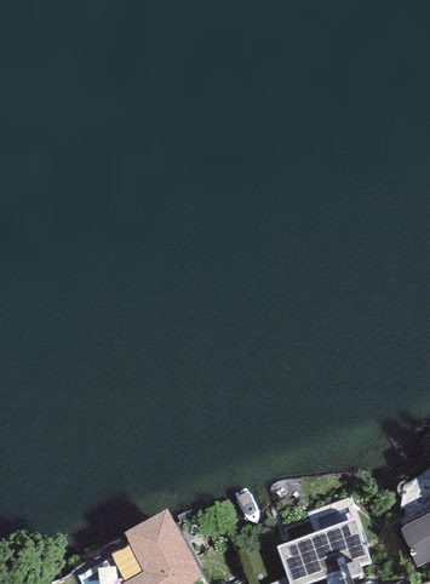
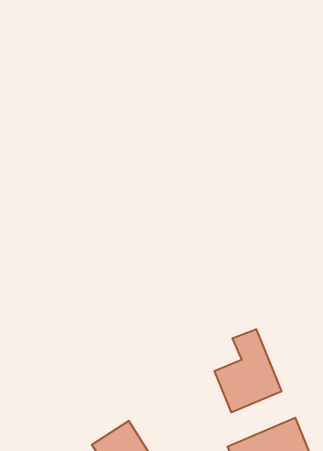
building: none -> [214,329,281,412]

